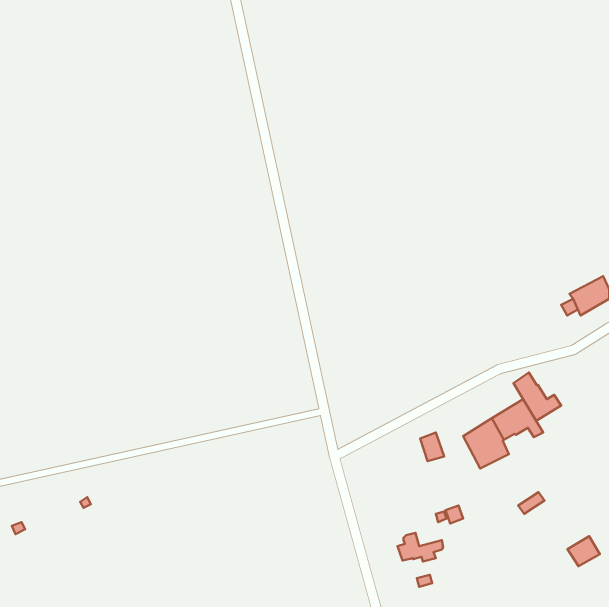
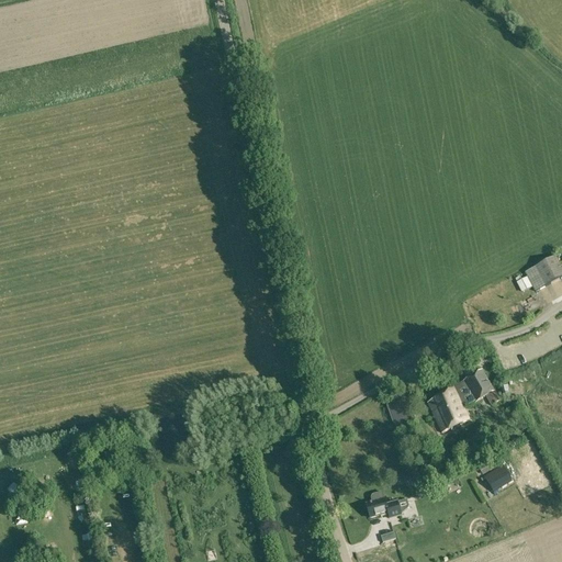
building: [514,373,561,421] -> none
building: [568,536,600,566] -> [483,462,513,490]

